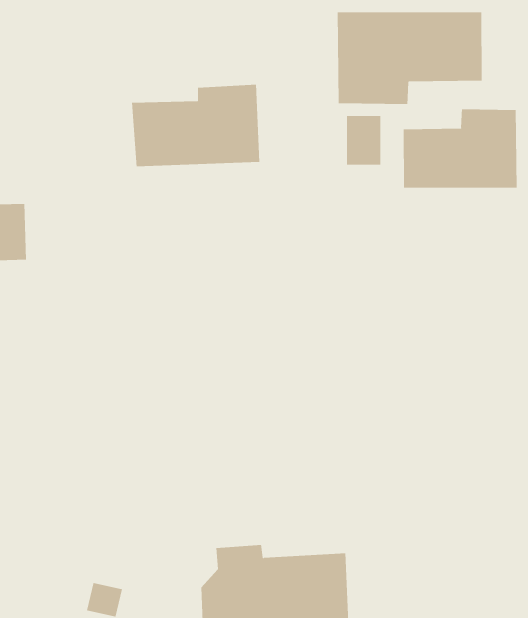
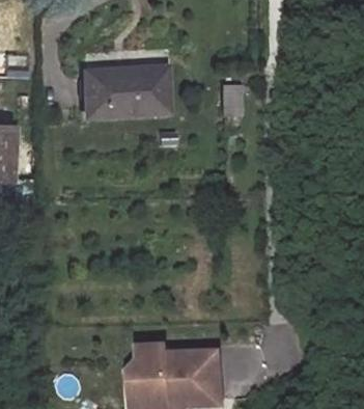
building: [337,12,482,105] -> none
building: [403,109,517,188] -> none

